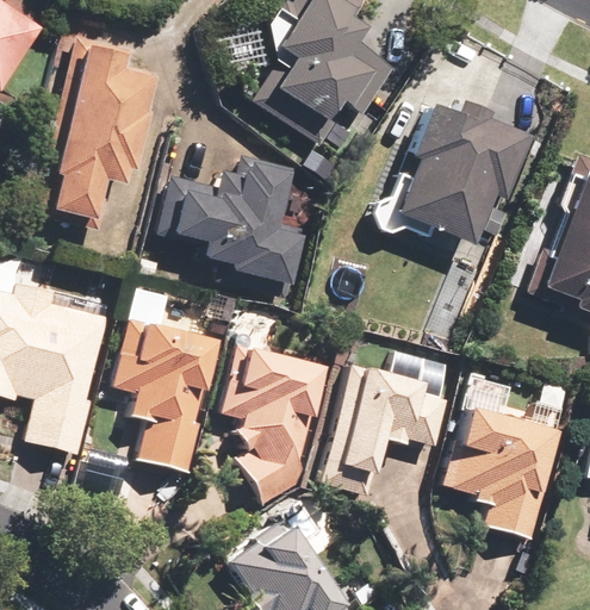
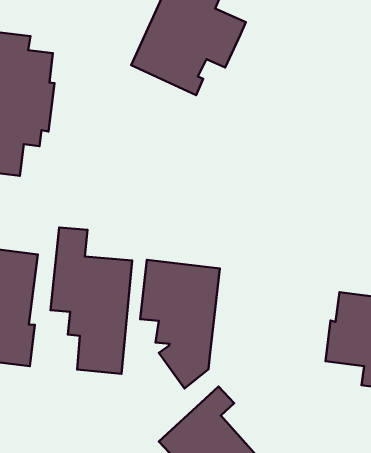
building: [372,98,527,248] -> none
building: [155,160,302,298] -> none
building: [318,361,448,493] -> none

